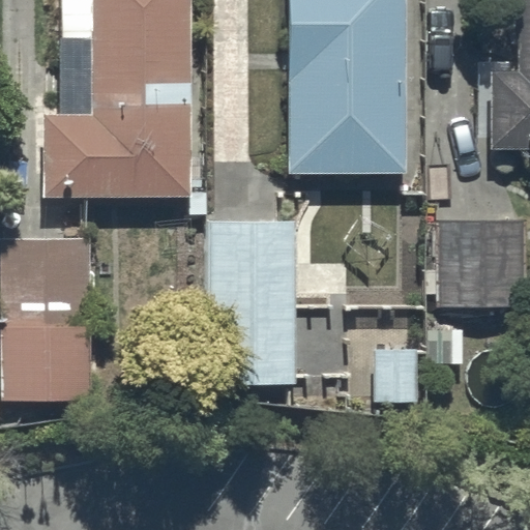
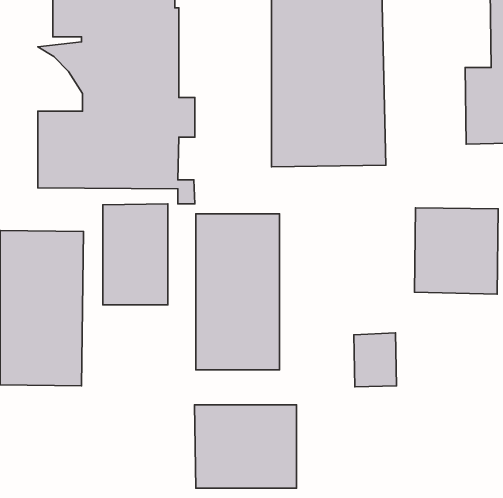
building: none -> [103,204,168,305]
building: none -> [195,405,296,488]

